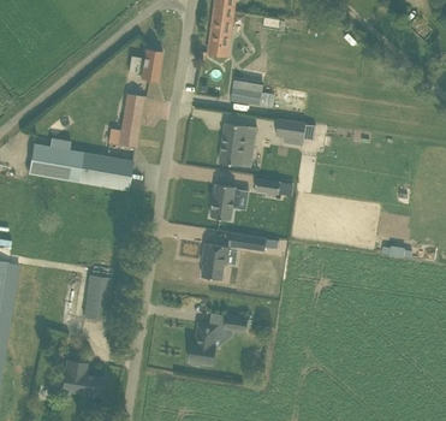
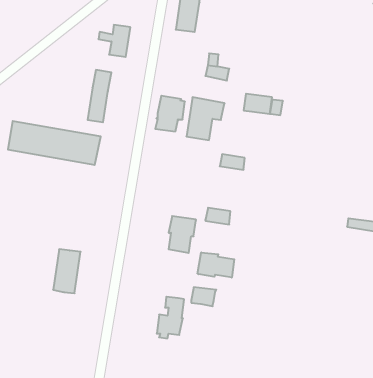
building: [208,183,238,219] -> [155,96,185,131]
building: none -> [198,252,234,278]
building: [61,360,103,398] -> none

